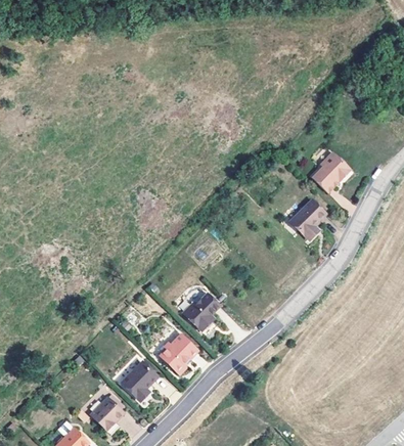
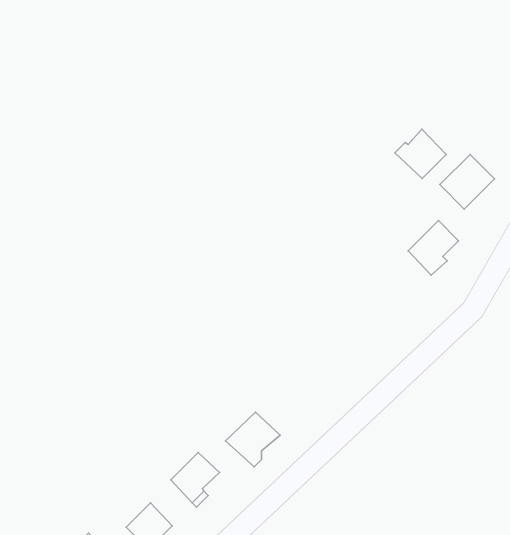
building: none -> [395,129,446,179]
building: [183,293,222,332] -> none

